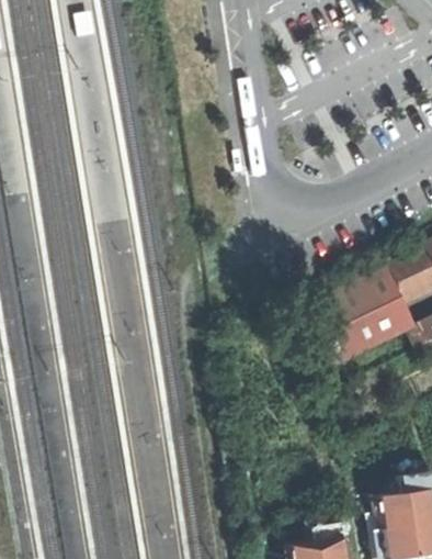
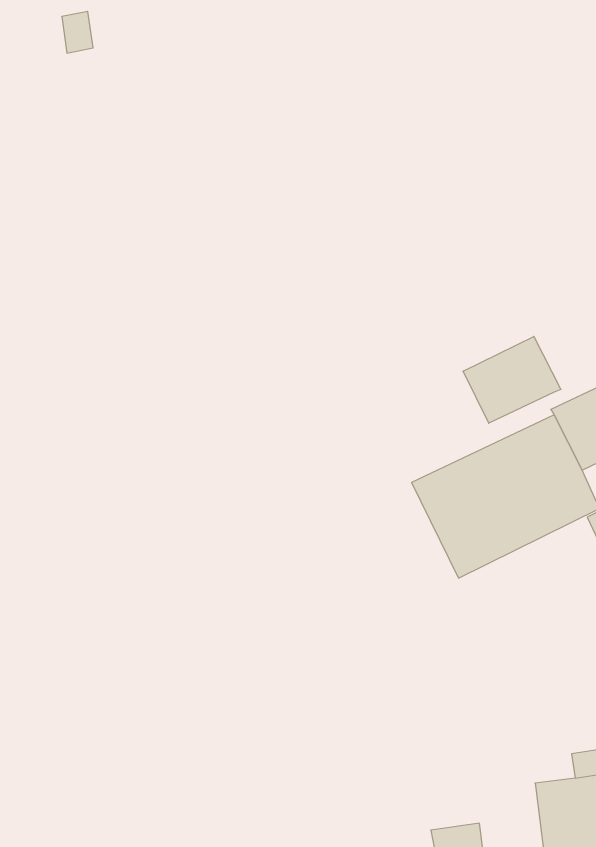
building: none -> [463,336,561,423]

